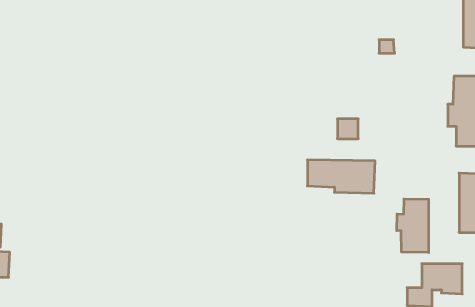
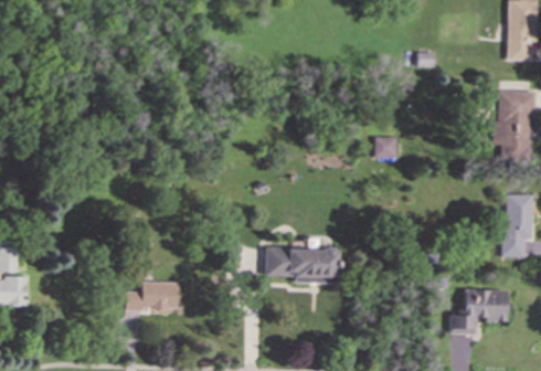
building: [307,160,375,193] -> [265,247,337,283]
building: [397,199,429,253] -> none
building: none -> [126,280,178,309]

